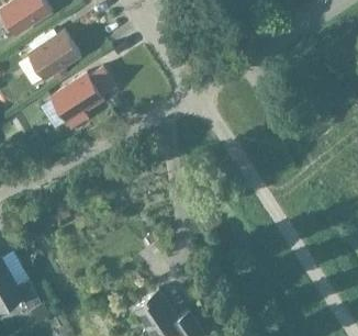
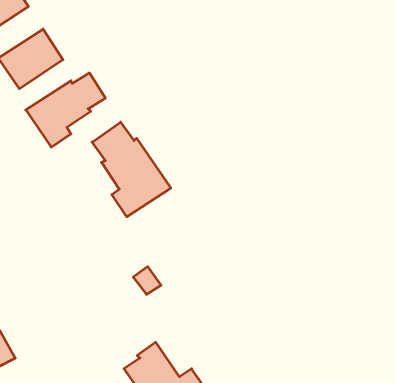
building: none -> [92,122,171,217]

